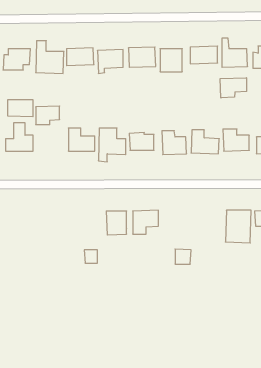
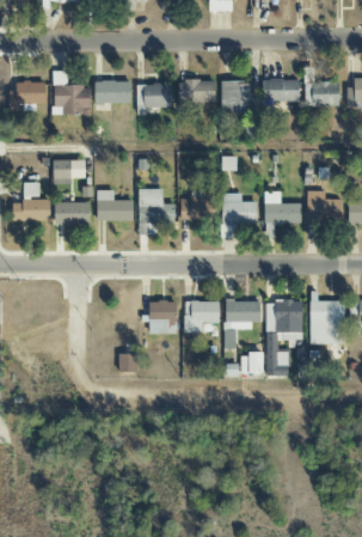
building: [220,78,247,98] -> none
building: [8,100,33,117] -> [54,202,88,225]
building: none -> [225,299,260,348]
building: none -> [266,300,302,376]

